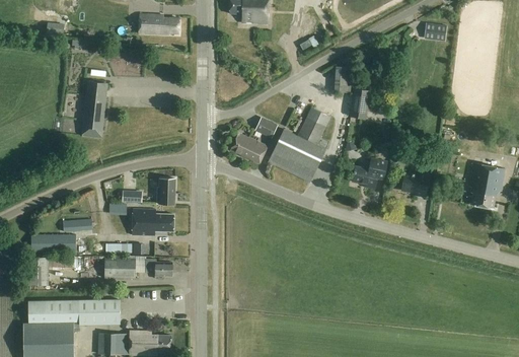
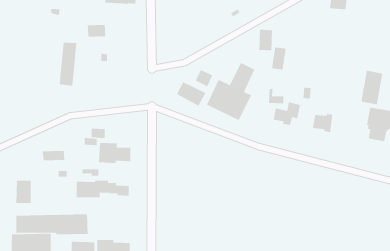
building: none -> [361,70,383,105]
building: [156,178,175,205] -> none
building: [31,234,75,253] -> none

